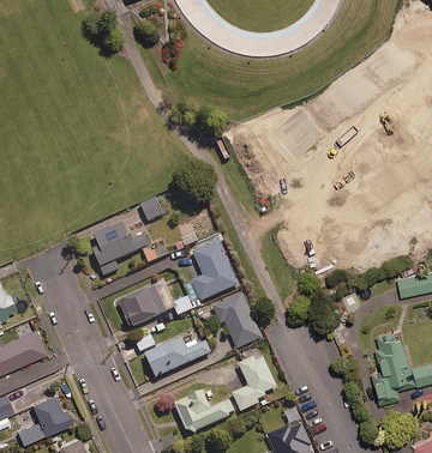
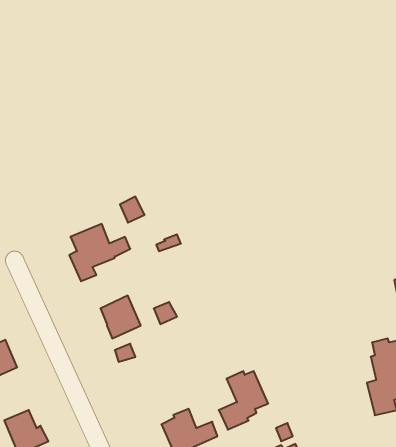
building: [192,240,239,302] -> none
building: [212,294,263,350] -> none
building: [145,338,212,379] -> none

